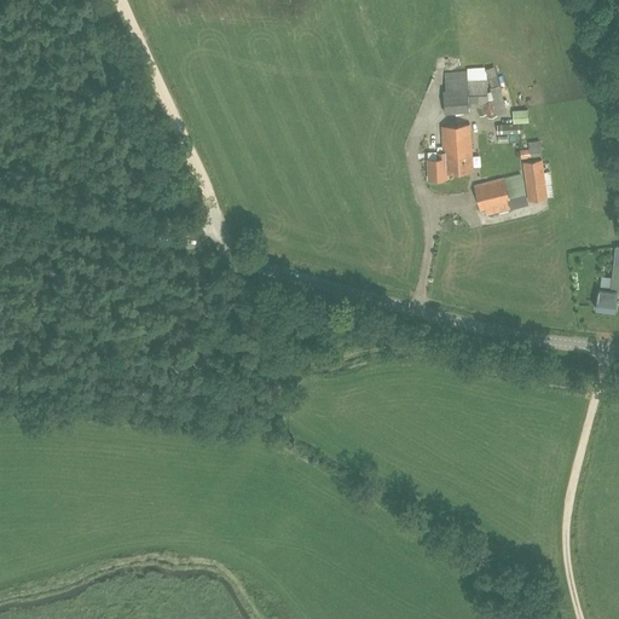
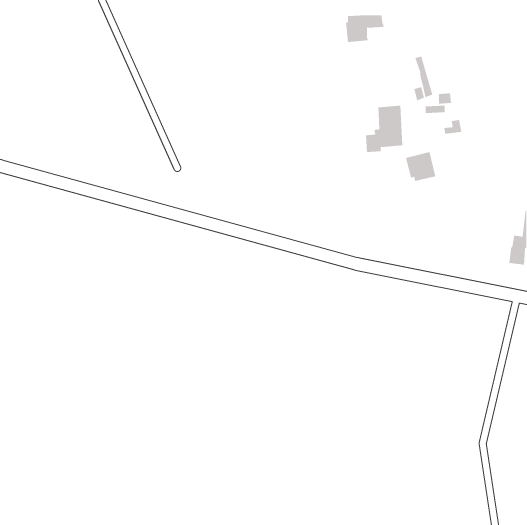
building: [444,82,490,115] -> [345,15,384,43]
building: [523,162,548,203] -> none

